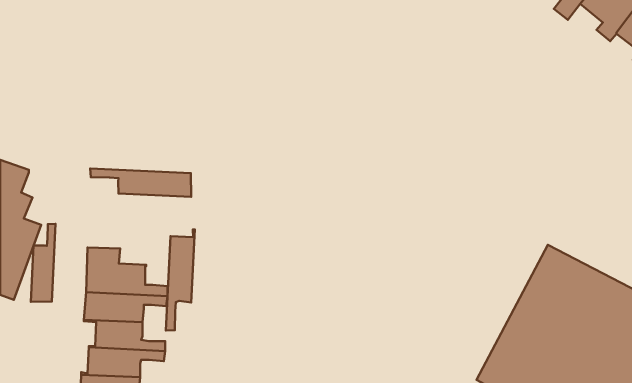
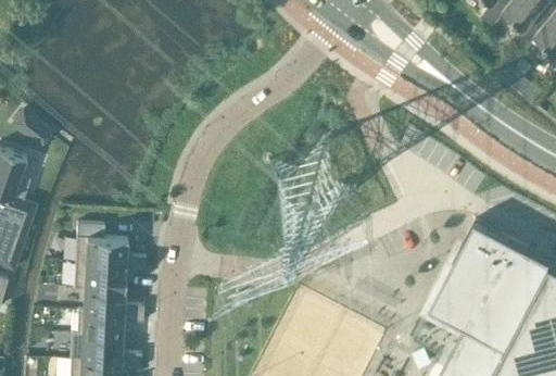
building: [90,169,191,197] -> none
building: [31,224,55,302] -> none
building: [166,229,195,331] -> none

